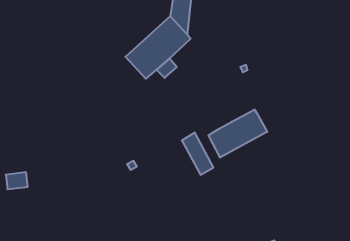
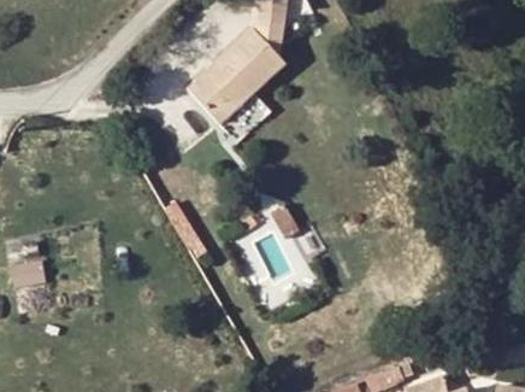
building: [208,109,267,158] -> none

